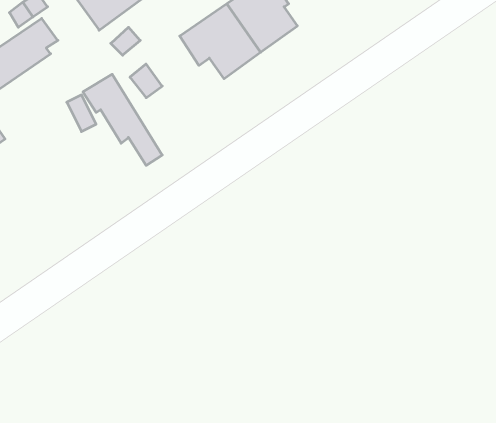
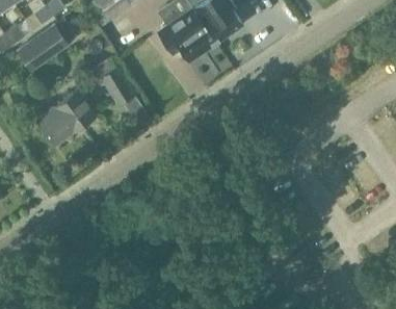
building: none -> [37,92,97,145]

